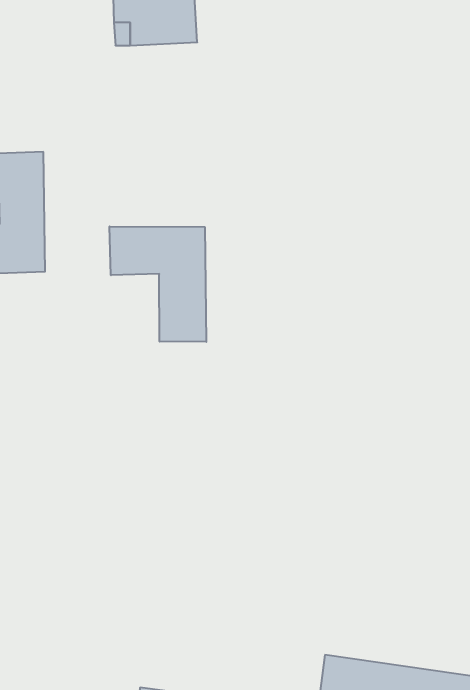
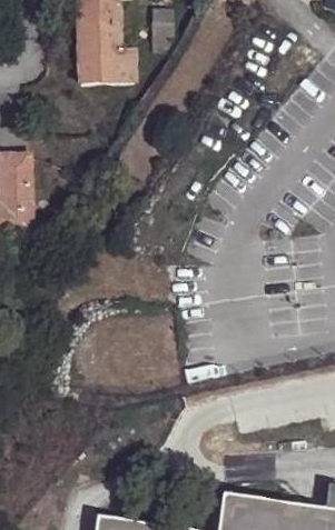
building: [110,226,206,342] -> none

